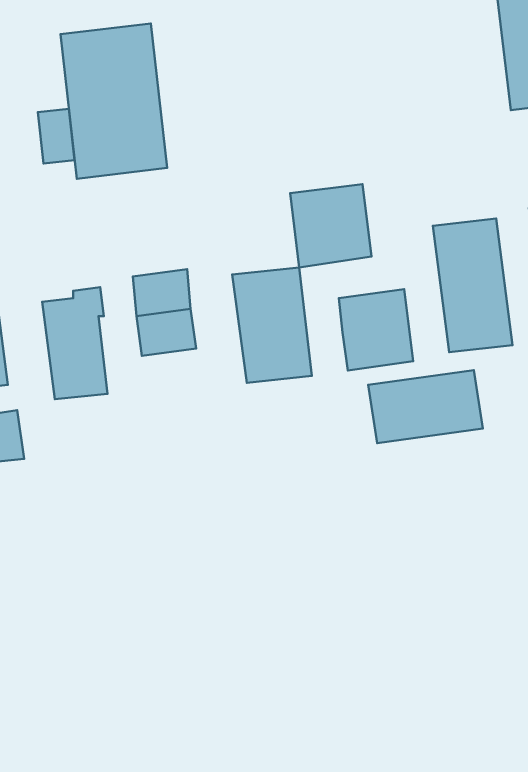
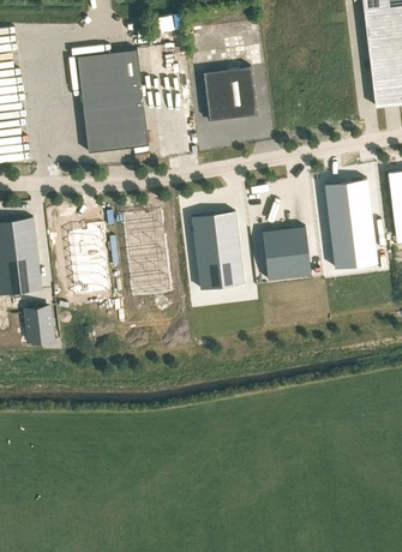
building: [38,109,75,163] -> none
building: [290,184,371,267] -> [203,67,257,122]
building: none -> [131,266,170,298]
building: [368,370,483,443] -> none

